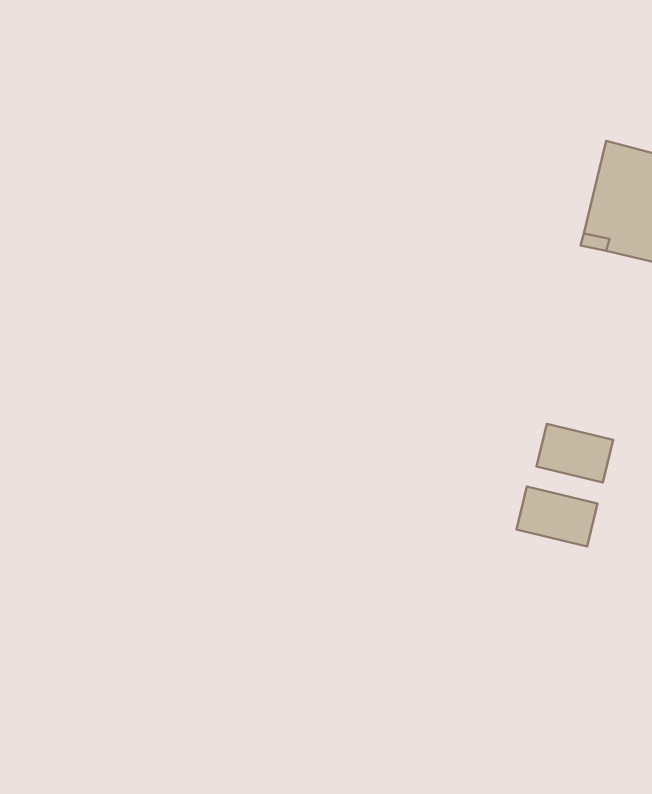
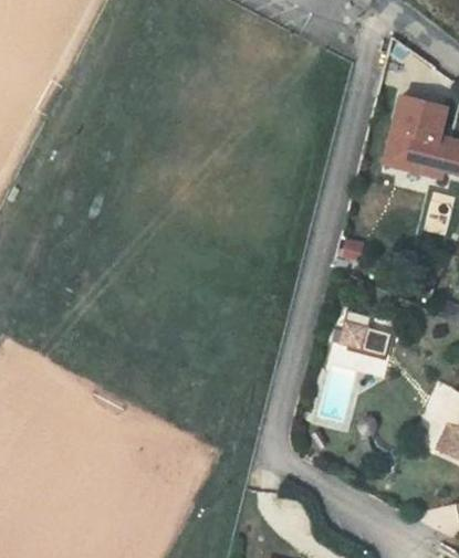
building: [536,424,613,483] -> none

